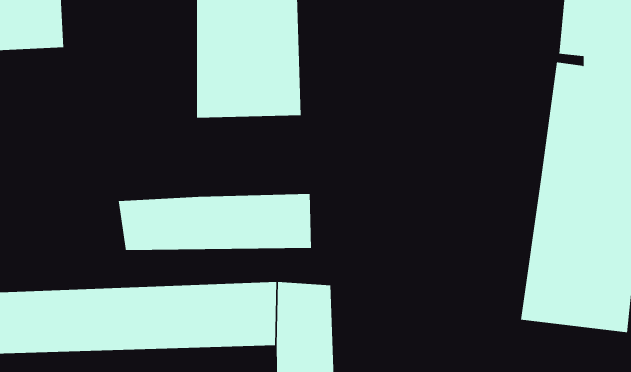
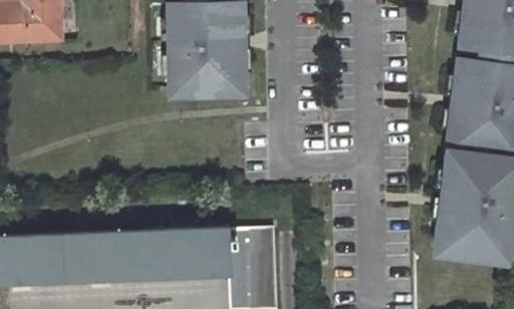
building: [118,193,311,251] -> none

